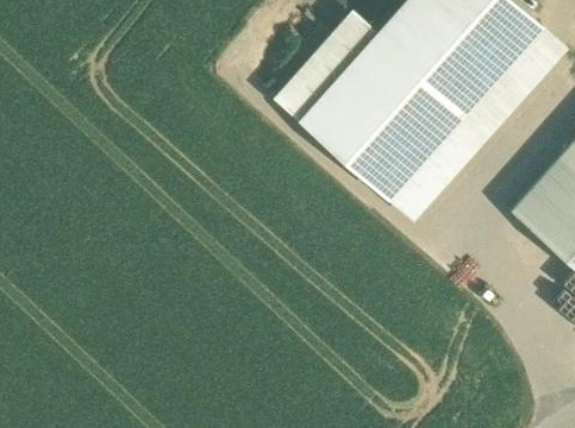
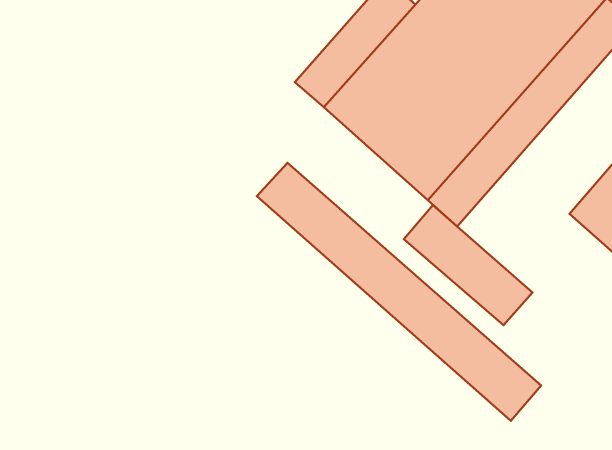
building: none -> [257,163,541,421]
building: none -> [404,205,533,325]

